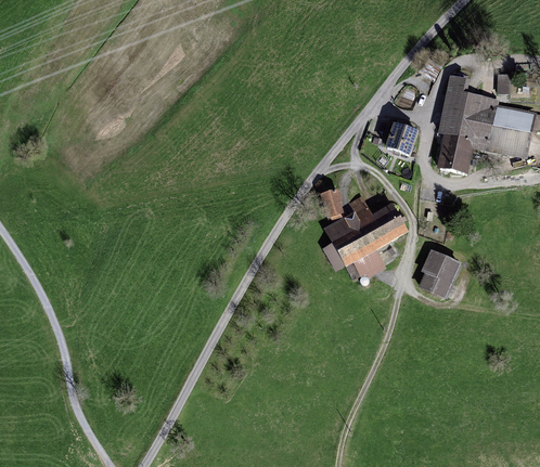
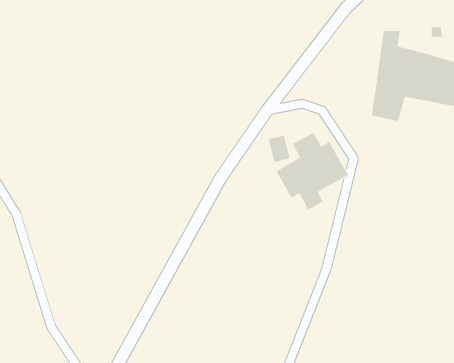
building: [385,124,419,153] -> none
building: [422,257,461,299] -> none

